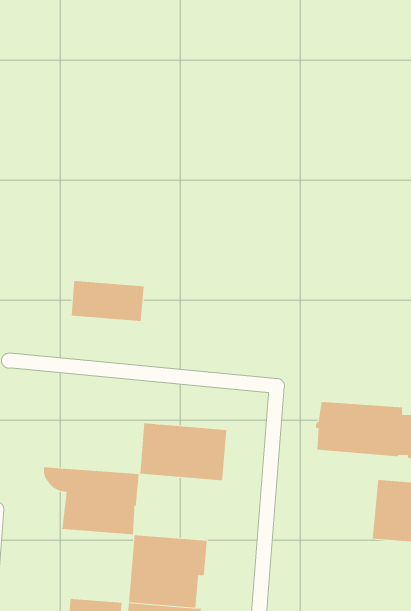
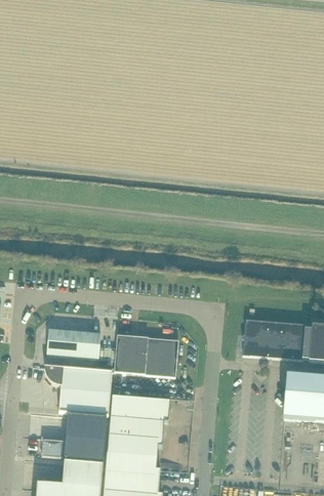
building: [71,281,144,322] -> [46,327,99,357]
building: none -> [110,394,169,419]
building: none -> [41,413,106,463]

